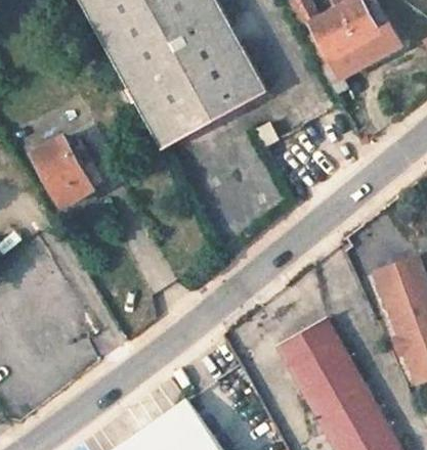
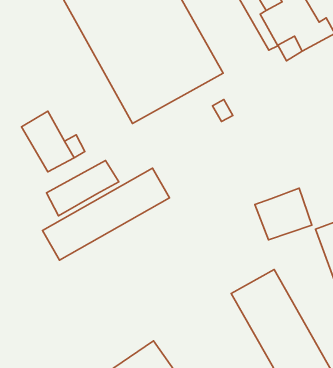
building: none -> [47,160,119,216]
building: none -> [43,168,170,260]
building: none -> [255,188,312,240]

